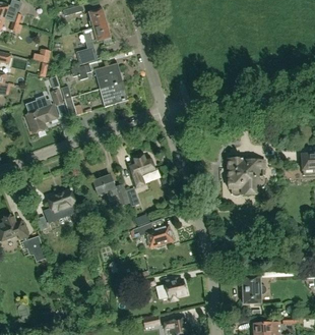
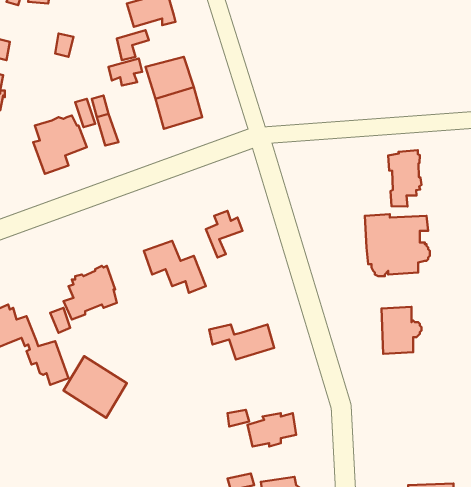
building: none -> [388,150,422,207]
building: none -> [63,356,127,418]
building: [242,275,266,303] -> [381,307,422,354]

